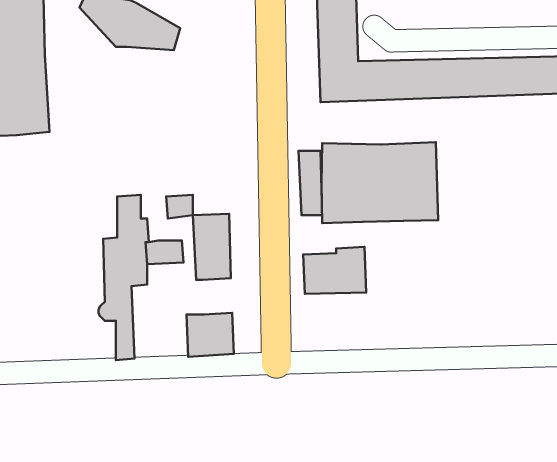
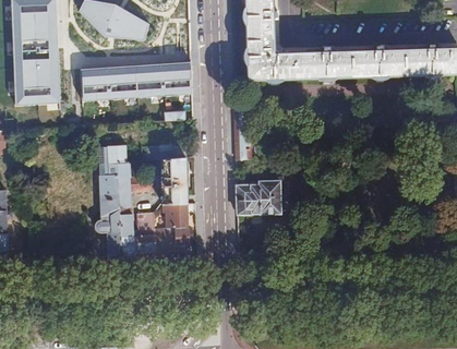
building: none -> [81,65,192,101]
building: [322,142,438,223] -> none
building: none -> [166,201,187,226]
building: none -> [117,205,156,256]

